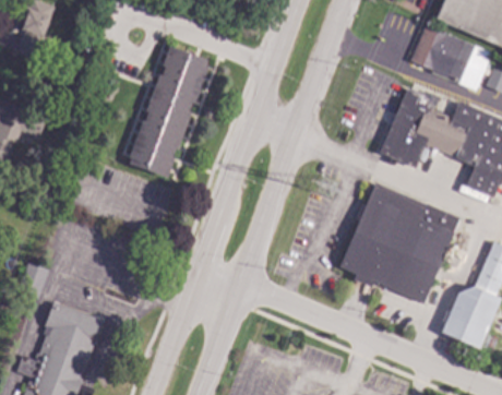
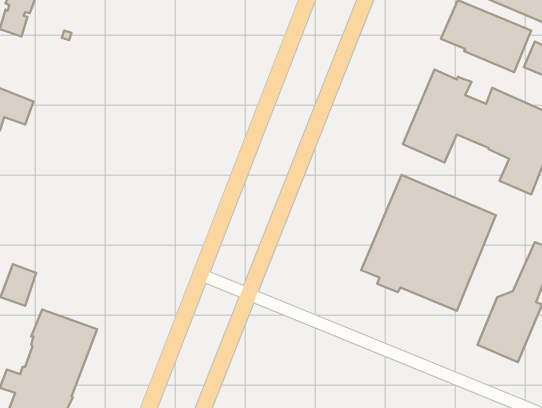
building: [129,45,208,177] -> none

